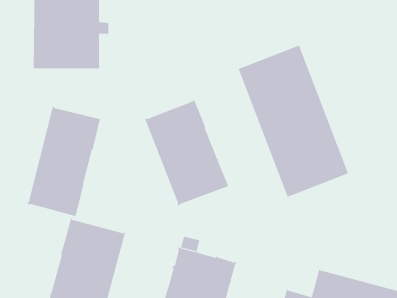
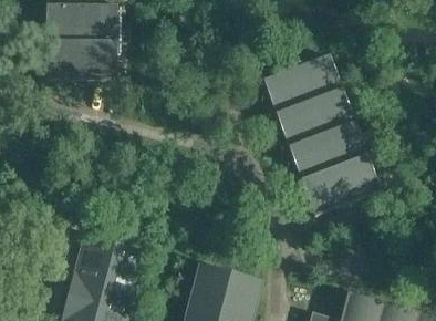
building: [144,100,229,206] -> none
building: [27,106,100,217] -> none

